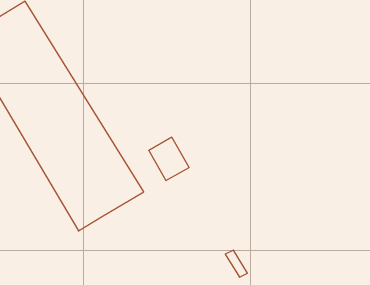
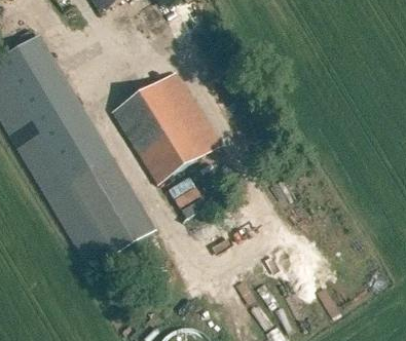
building: none -> [111,69,221,183]

